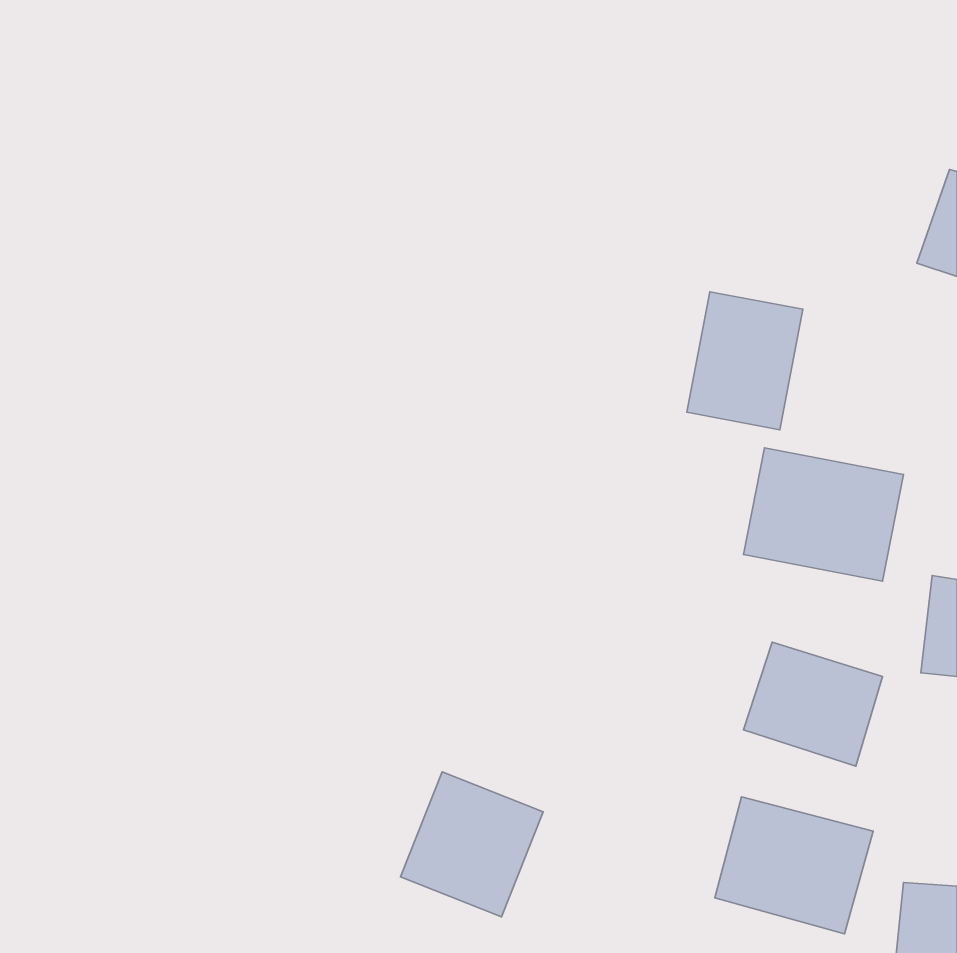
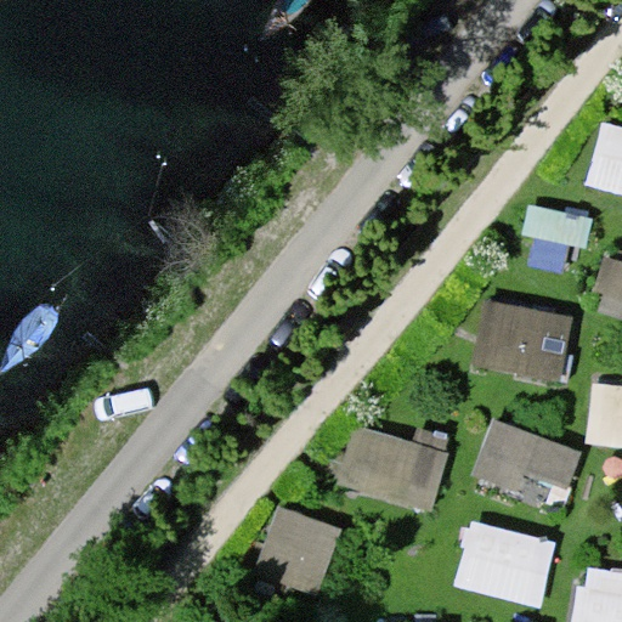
building: [687,292,803,430] -> none
building: none -> [340,423,449,513]

